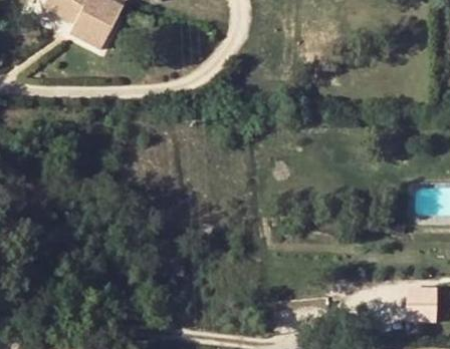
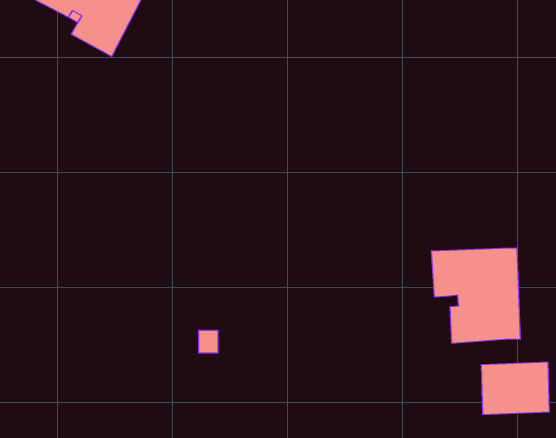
building: none -> [432,248,520,343]

